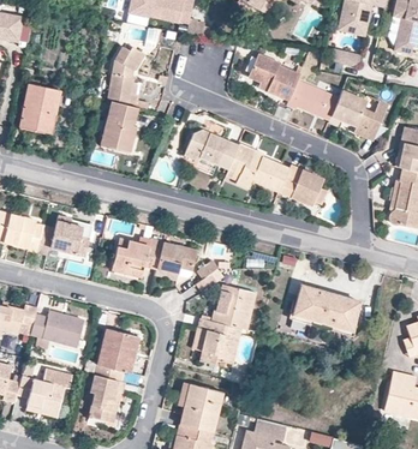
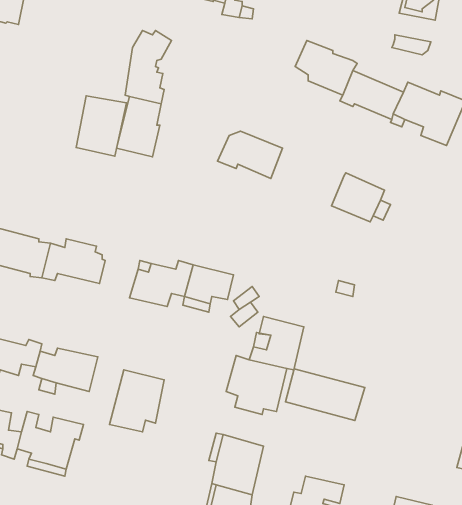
building: [19,83,61,133] -> [76,96,126,156]
building: [226,143,289,192] -> none
building: [293,286,359,329] -> [286,369,365,421]
building: [89,375,125,421] -> none

